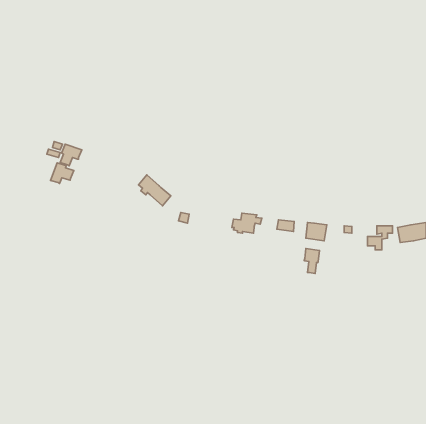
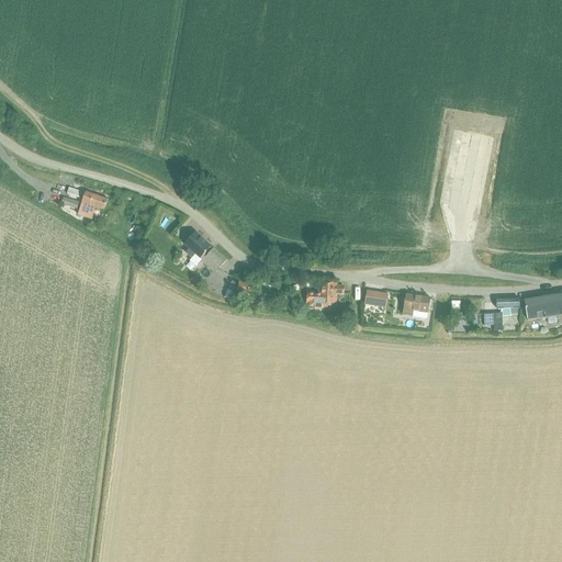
building: [51,163,74,184] -> none
building: [304,248,319,274] -> none

